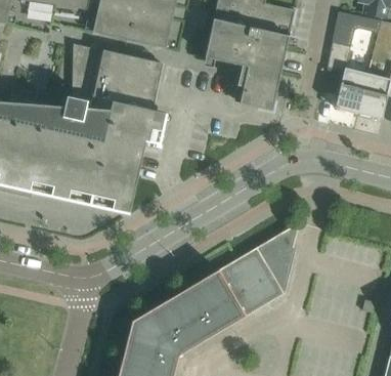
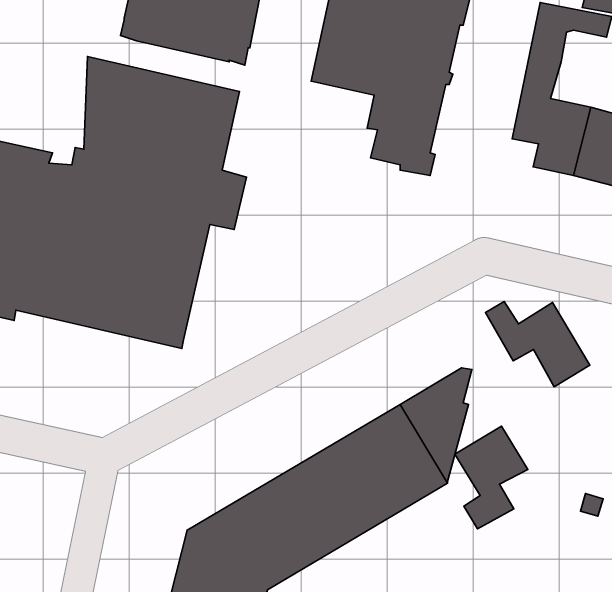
building: none -> [486,301,590,387]
building: none -> [455,426,528,529]

